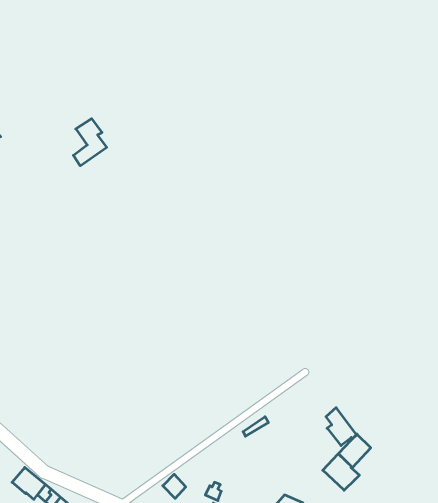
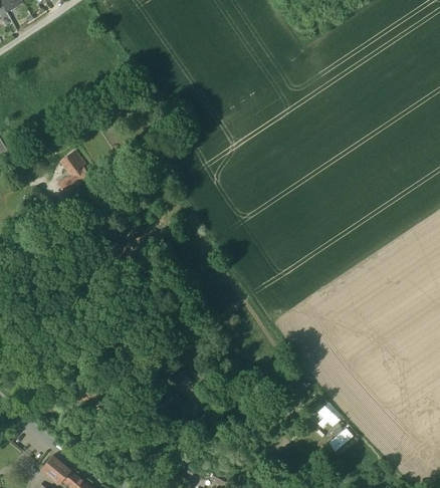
building: [73,119,107,166] -> [59,153,88,194]
building: [323,454,359,490] -> none

